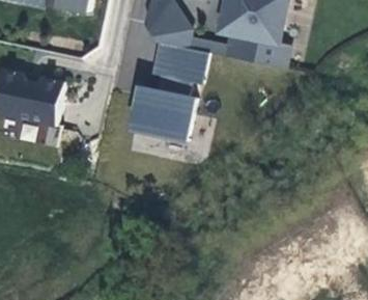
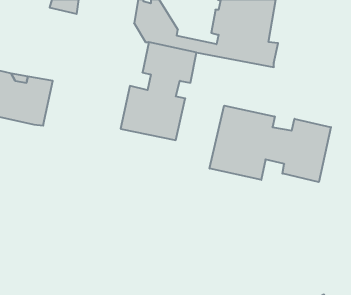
building: none -> [210,106,331,182]

